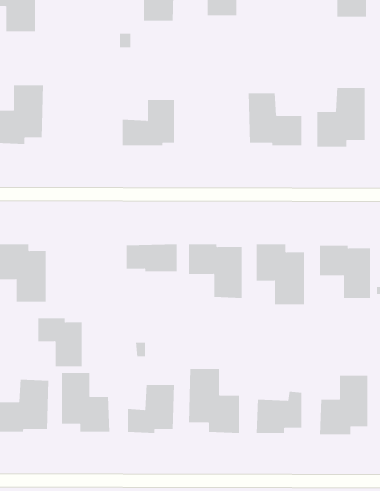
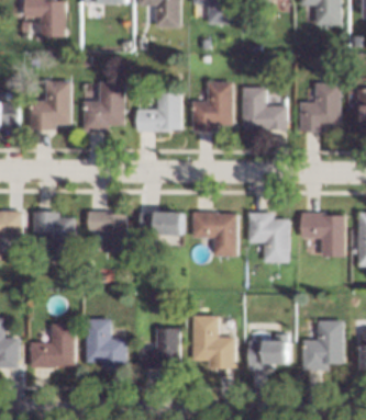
building: none -> [84,81,124,132]
building: none -> [191,82,232,129]
building: [38,318,83,367] -> [88,211,125,251]

